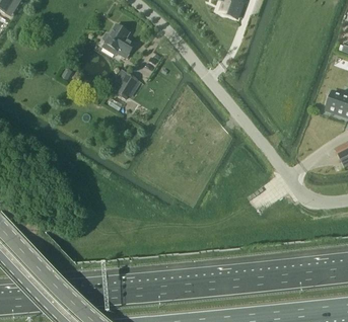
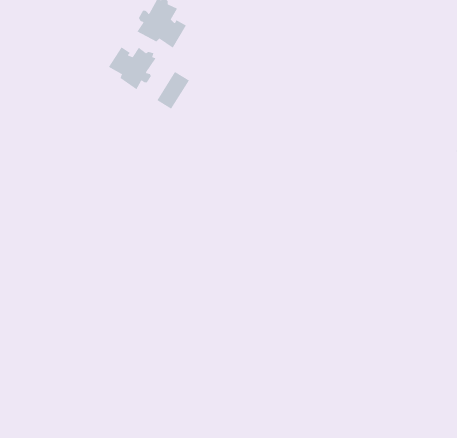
building: none -> [108,46,157,90]

